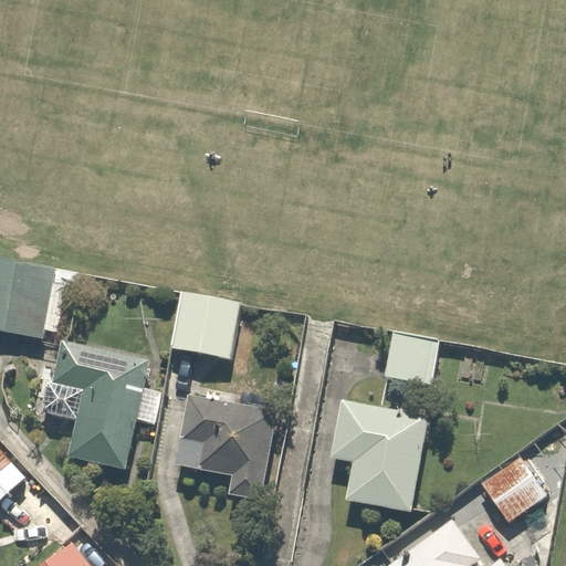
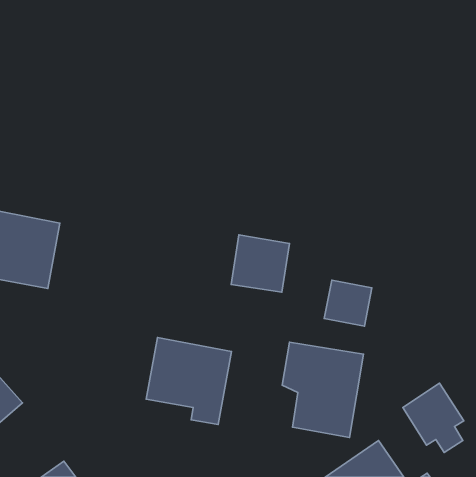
building: [169,289,238,356] -> [231,235,289,292]
building: [54,345,149,472] -> none

